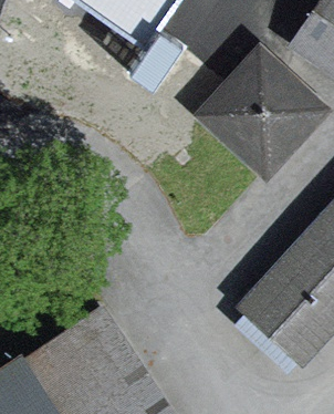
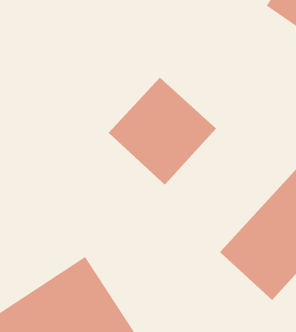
building: [205,54,321,170] -> [108,77,217,186]

